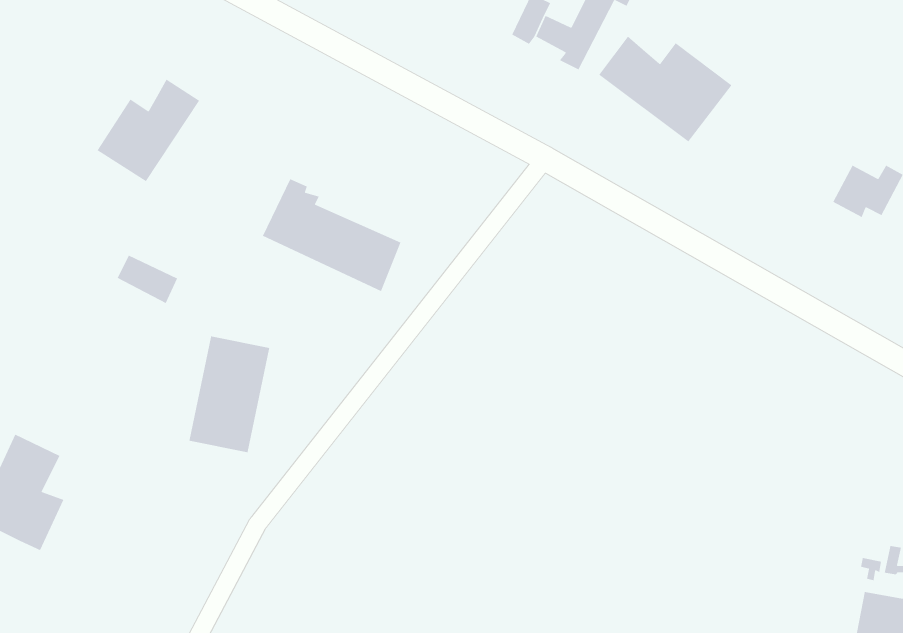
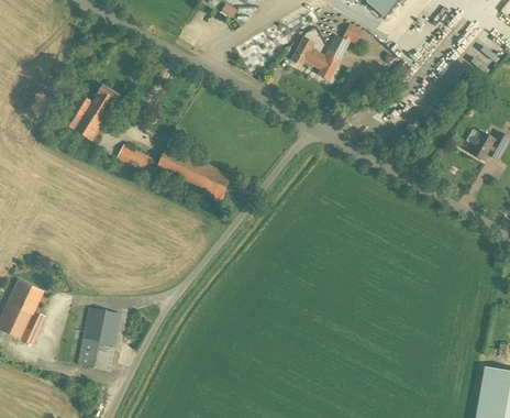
building: [598,35,733,143] -> none
building: [116,254,178,304] -> [118,145,152,173]
building: [188,335,270,453] -> [77,307,122,372]

